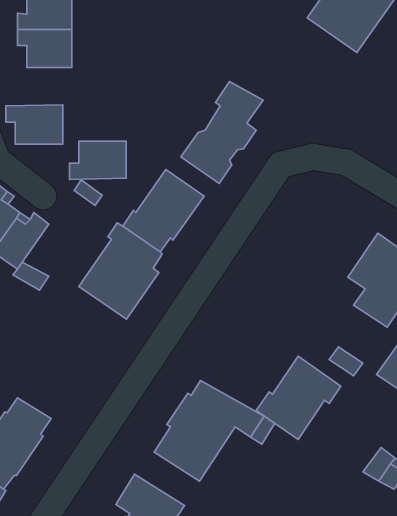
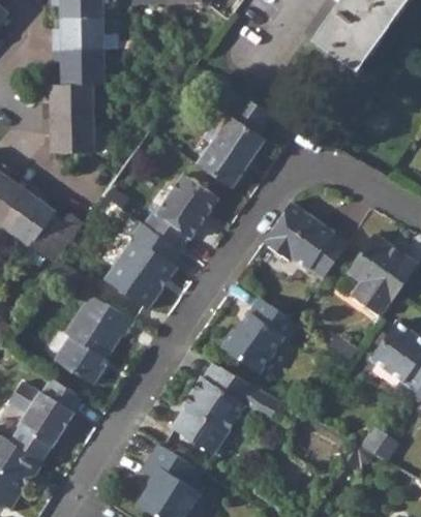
building: [70,141,126,179] -> [41,84,92,118]
building: none -> [266,202,347,277]
building: none -> [54,294,134,386]
building: [256,356,341,439] -> [224,297,300,371]

